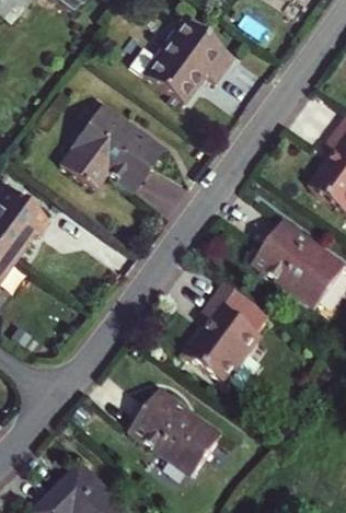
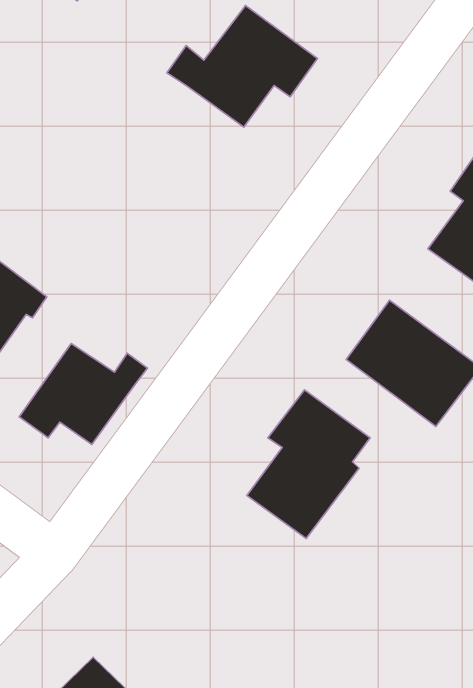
building: [57,104,162,190] -> none
building: none -> [19,344,148,444]
building: [130,389,221,475] -> none

